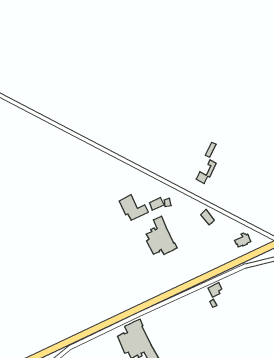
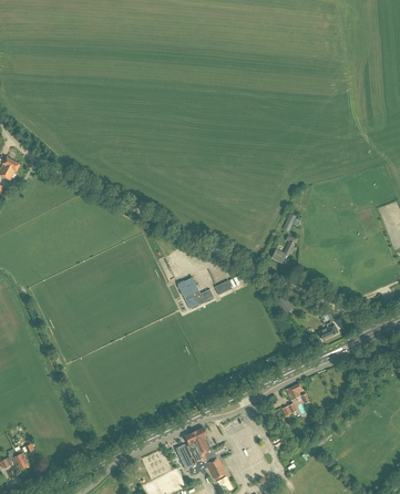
building: [146,216,177,255] -> none

